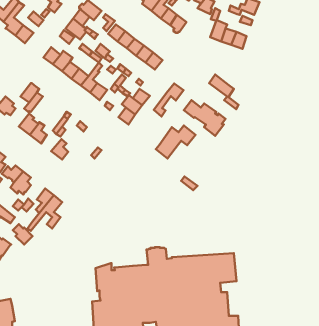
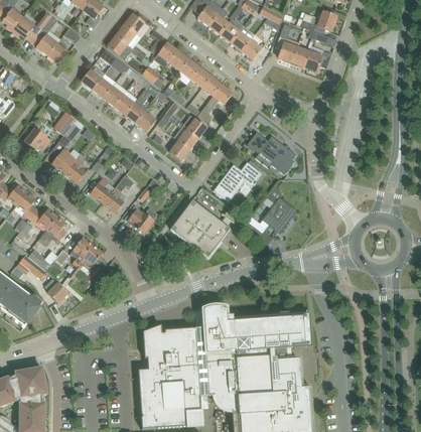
building: none -> [242,33,269,61]
building: [209,75,239,109] -> none
building: [154,83,183,117] -> [197,85,233,124]
building: none -> [103,175,133,212]
building: none -> [259,185,296,233]
building: none -> [170,200,230,258]
building: none -> [124,205,156,235]

